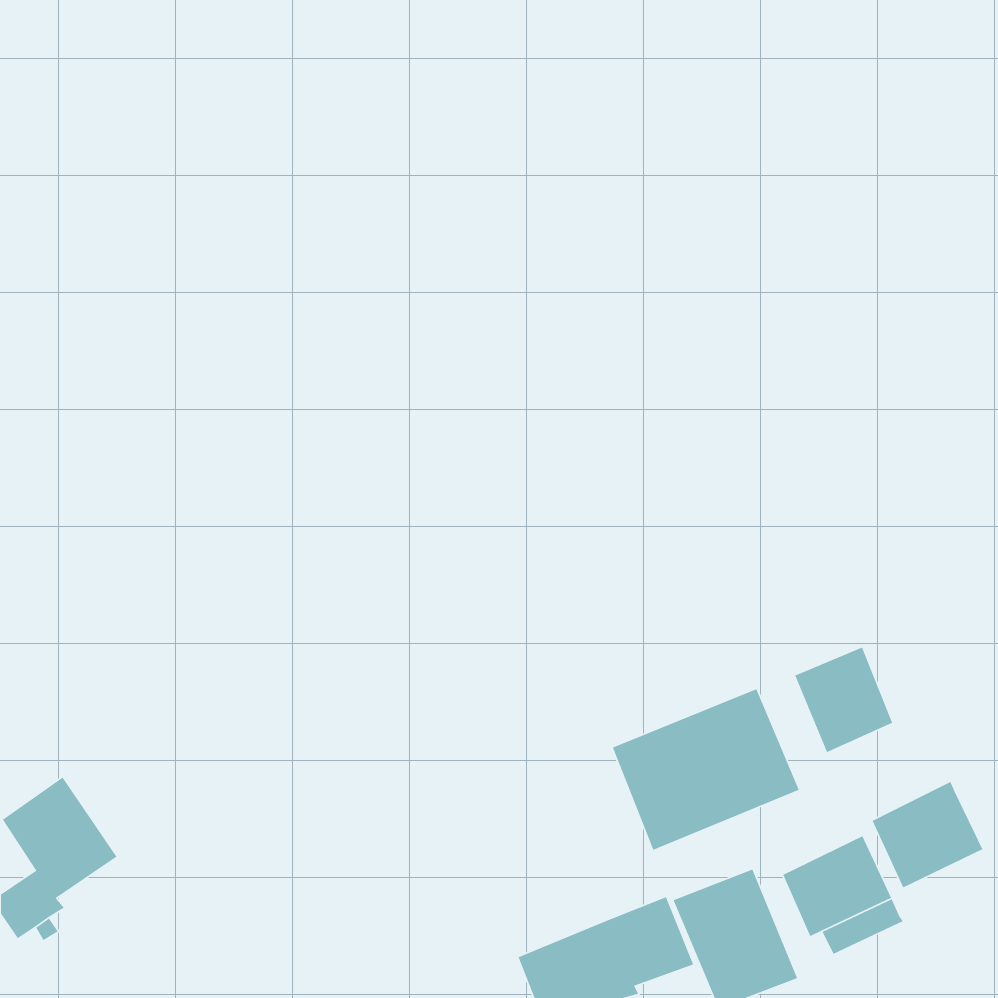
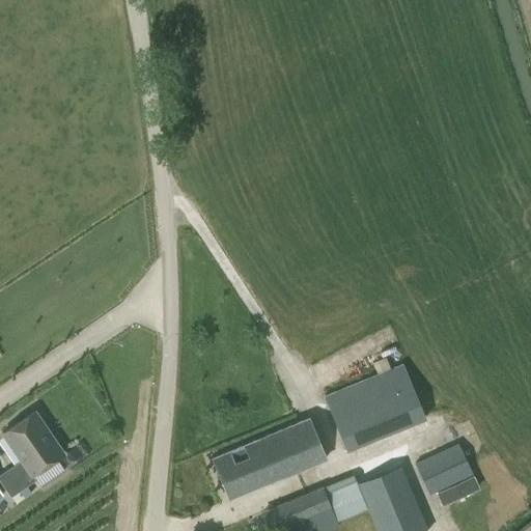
building: [794,647,893,753] -> none
building: [872,781,984,888] -> none
building: none -> [213,420,326,500]

